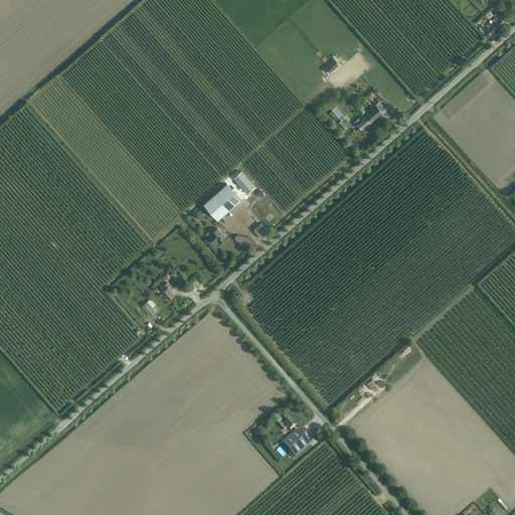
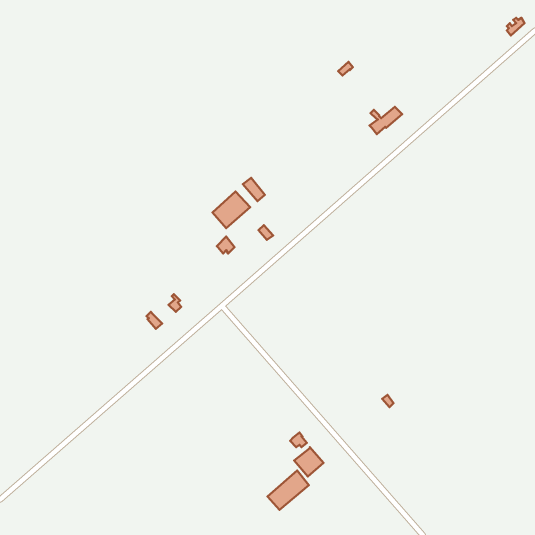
building: none -> [267,471,309,510]

